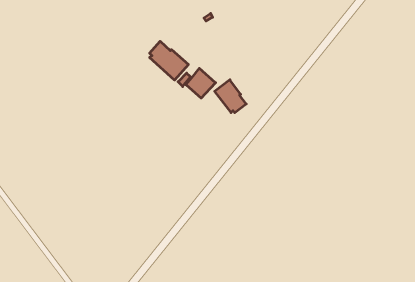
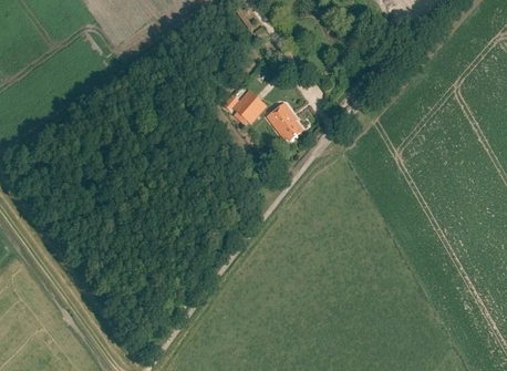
building: [150,41,188,80] -> none

